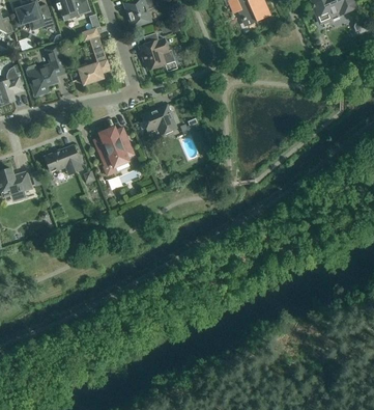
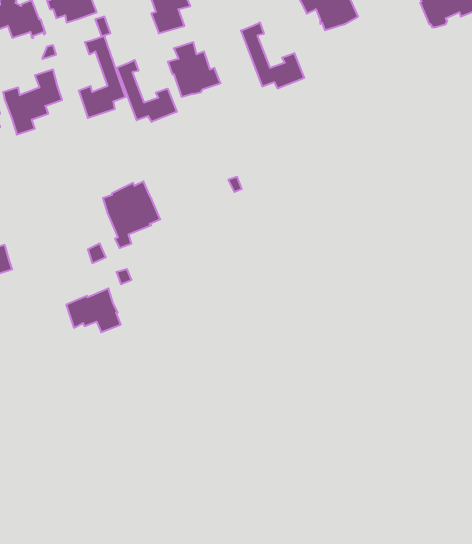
building: none -> [241,22,304,89]
building: none -> [117,60,177,122]
building: [141,105,176,140] -> none
building: [45,144,82,174] -> [66,288,121,332]

